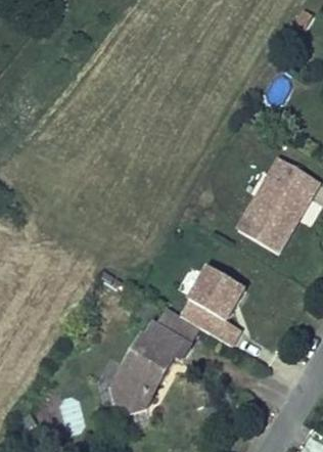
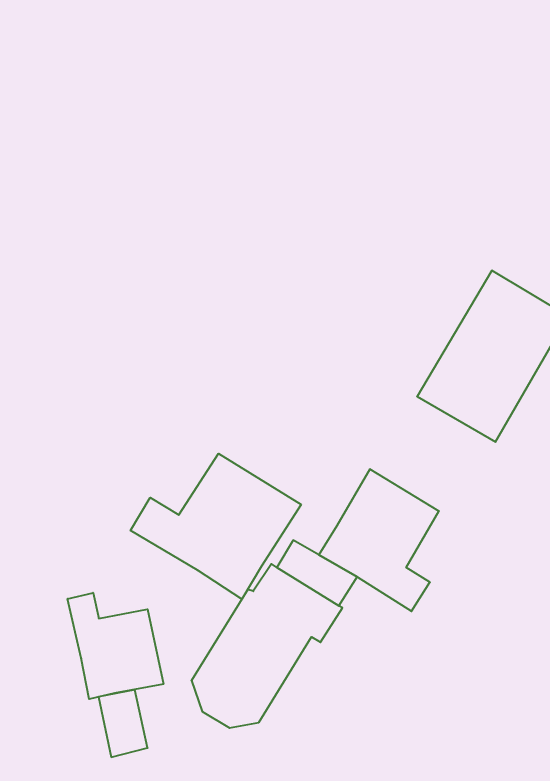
building: none -> [131,454,301,599]
building: none -> [68,593,163,699]

